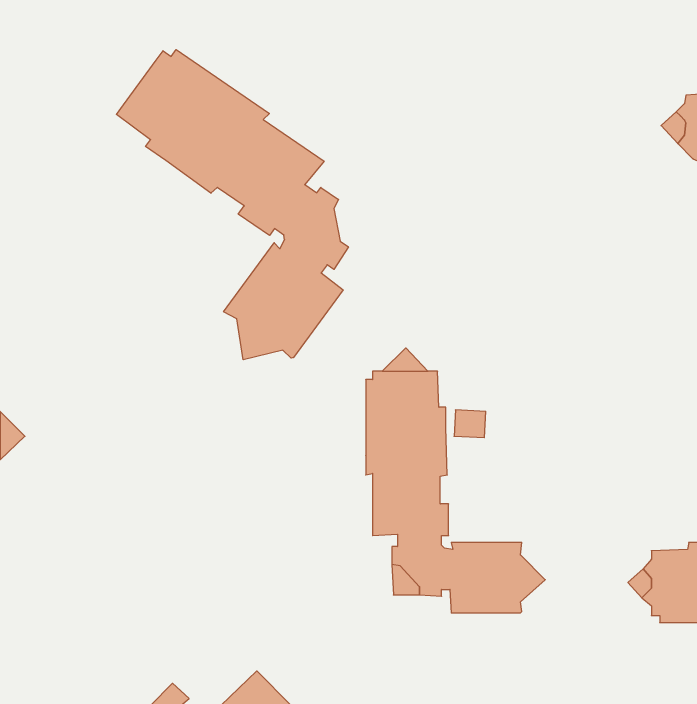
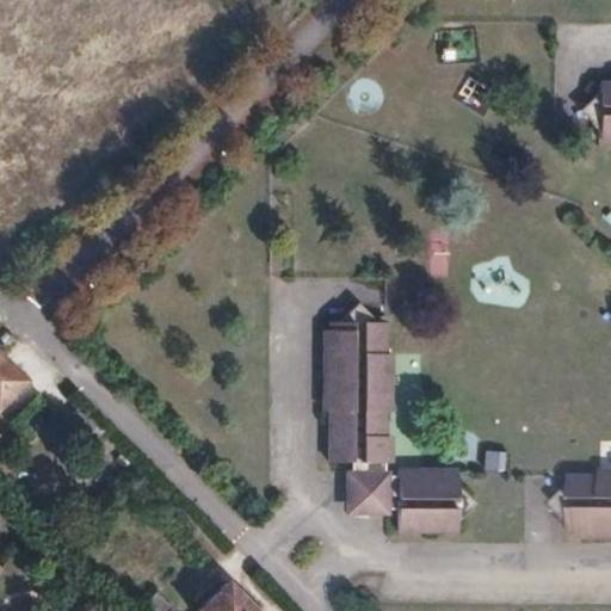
building: [116,50,348,360] -> none

